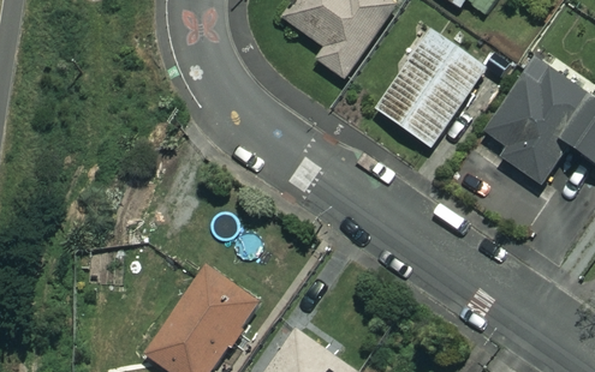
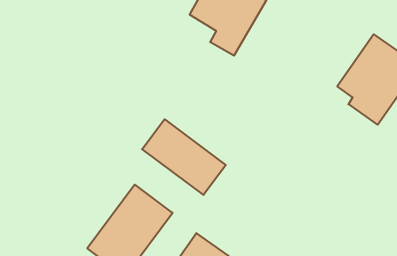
building: [374,30,486,149] -> none
building: none -> [142,119,226,195]

